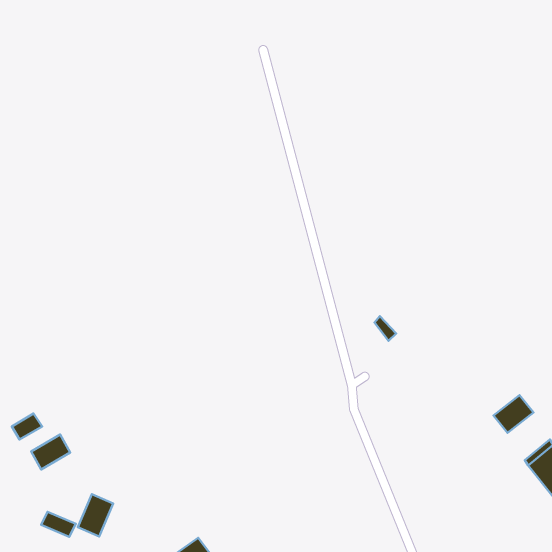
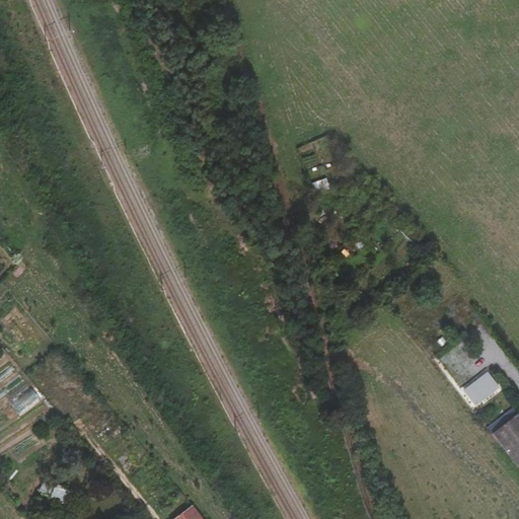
building: [31,435,70,469] -> none
building: [78,494,113,536] -> none

